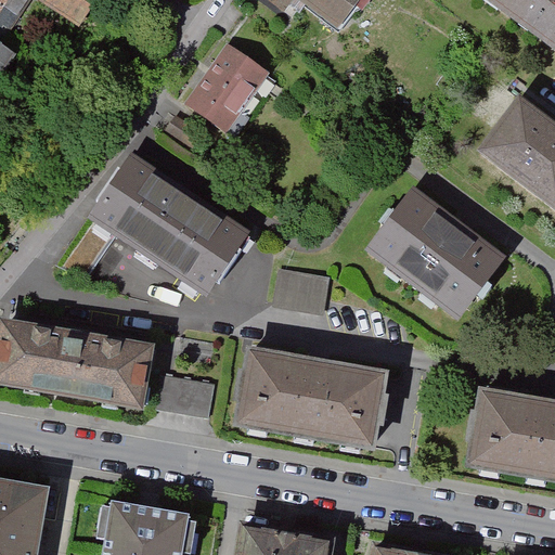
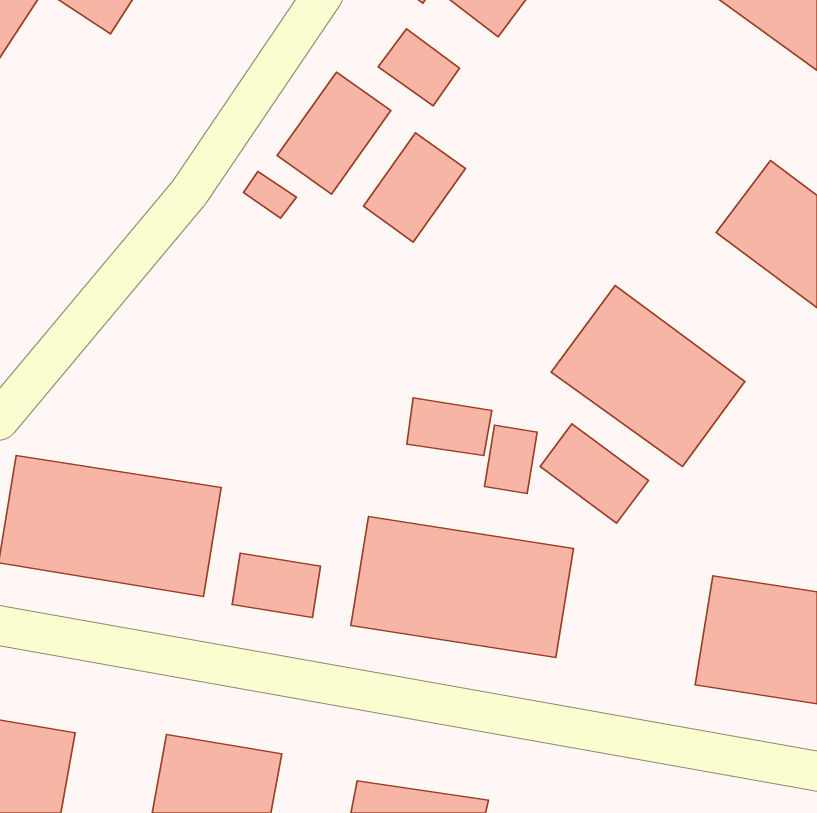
building: none -> [378,29,459,106]
building: none -> [363,133,466,242]
building: [90,158,244,297] -> none
building: none -> [540,424,648,523]
building: none -> [485,425,537,494]

